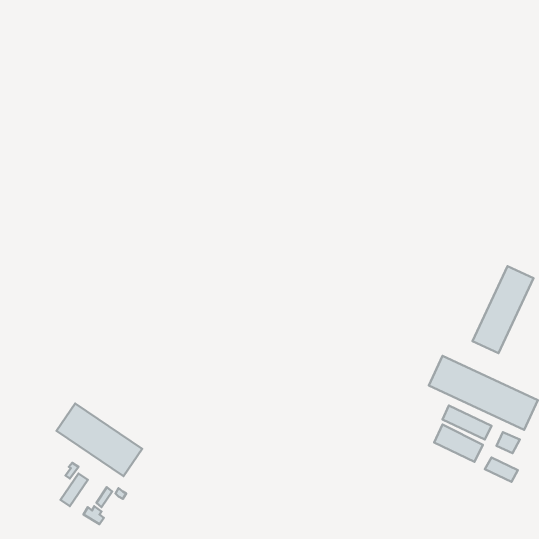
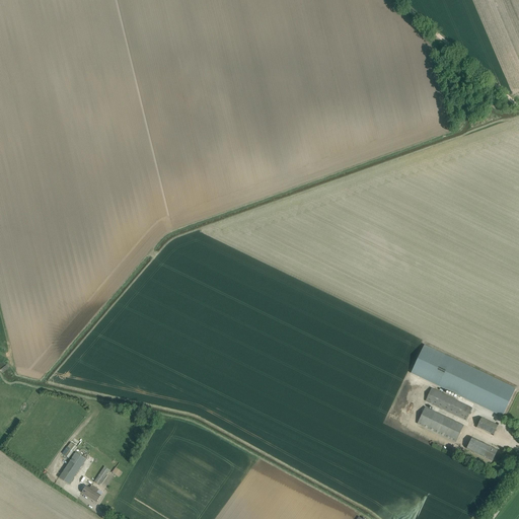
building: [473,266,533,353] -> none
building: [57,403,142,476] -> none

